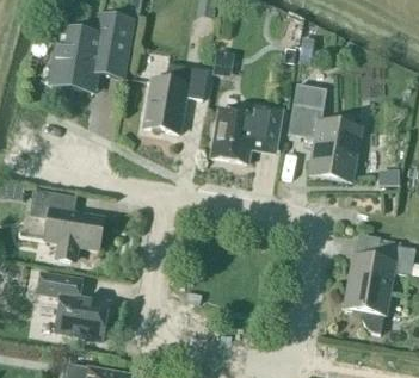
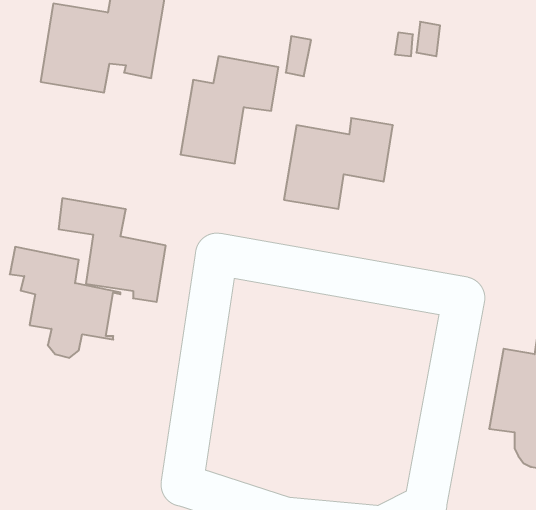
building: [289,87,359,179] -> none
building: [38,272,109,340] -> [59,198,166,302]

